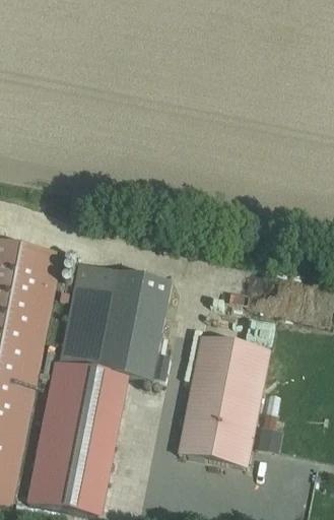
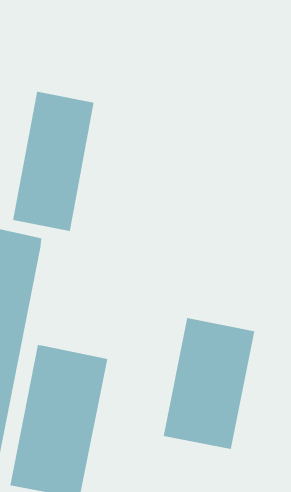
building: none -> [13,91,94,232]
building: [61,268,171,379] -> none

